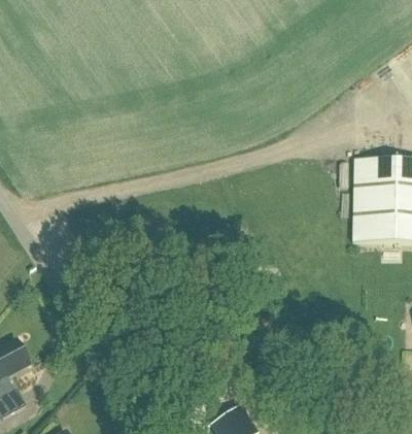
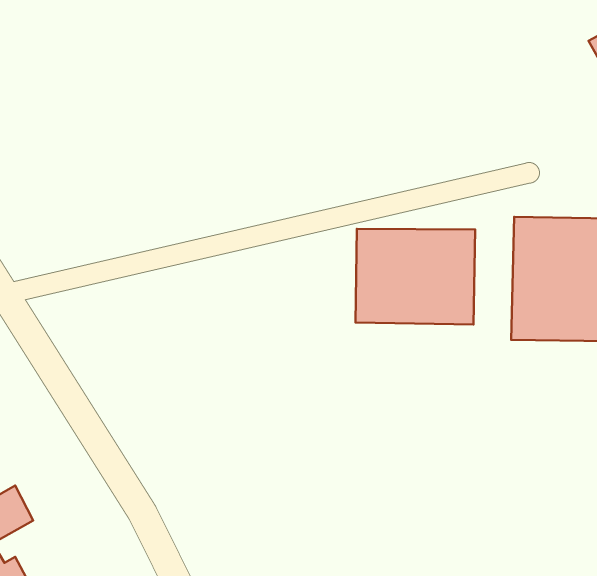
building: none -> [355,229,475,325]

